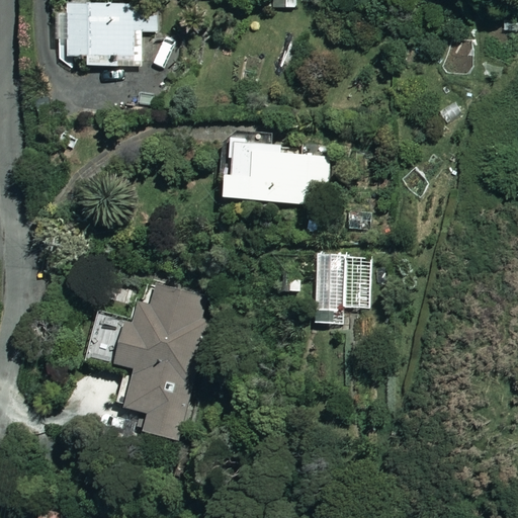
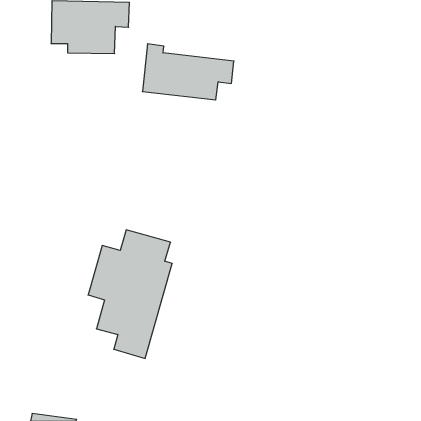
building: [218,136,330,204] -> [142,44,234,100]
building: [312,253,371,324] -> none

